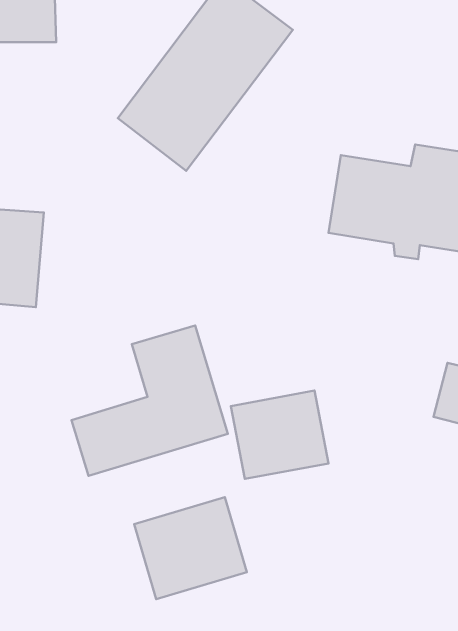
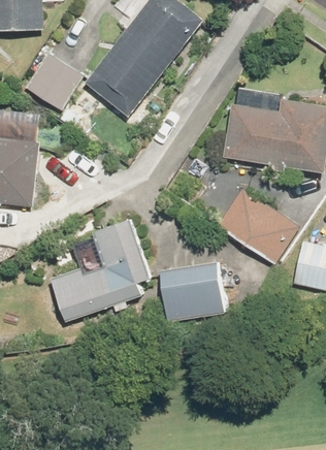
building: none -> [21,51,82,111]
building: none -> [215,187,298,263]
building: [134,497,247,599] -> none

